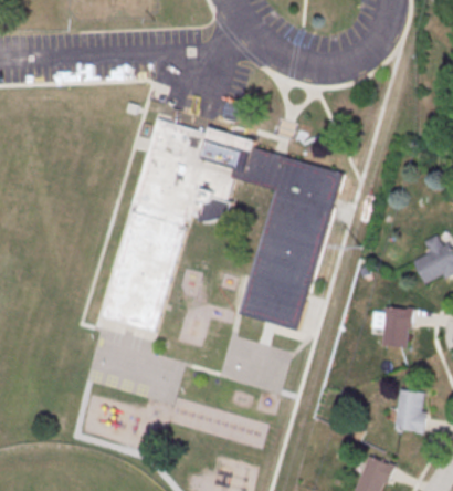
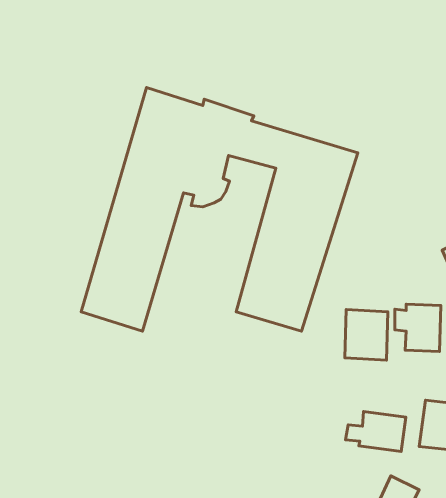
building: none -> [345,310,388,360]
building: none -> [346,412,406,452]

